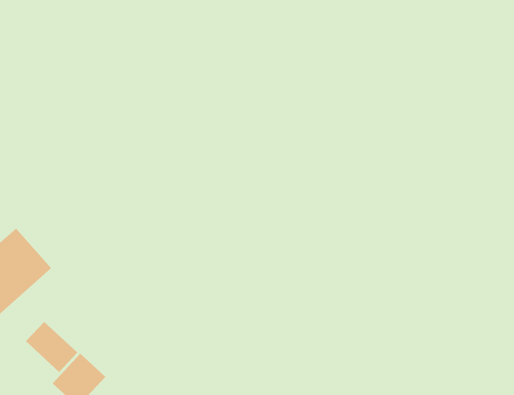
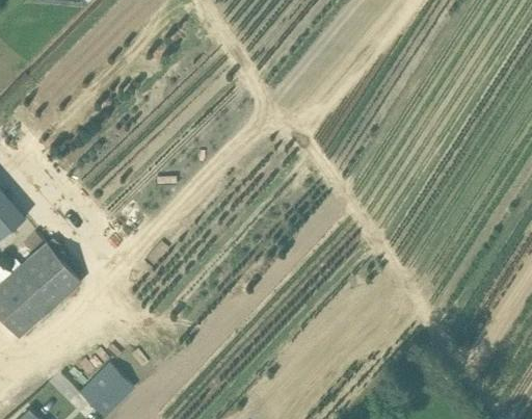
building: [25,321,78,373] -> none

